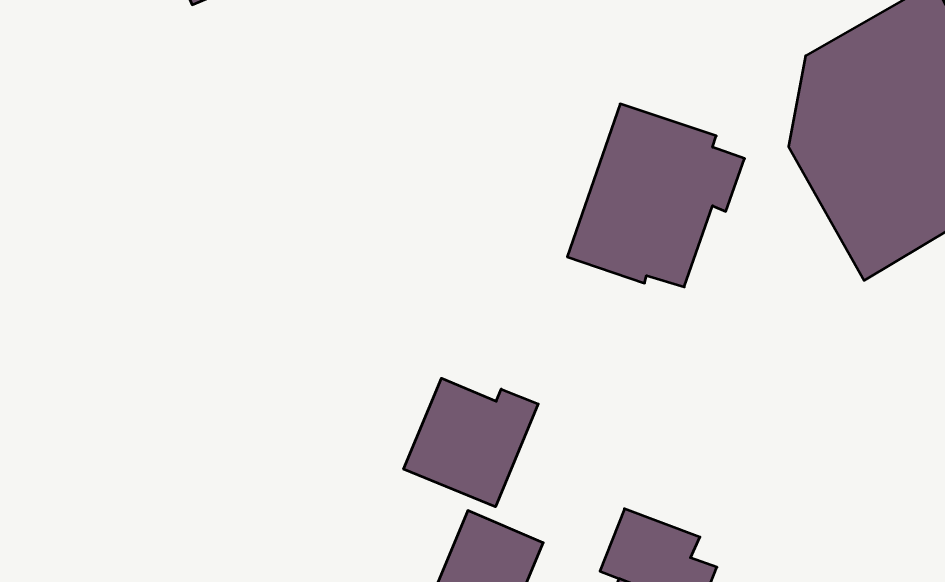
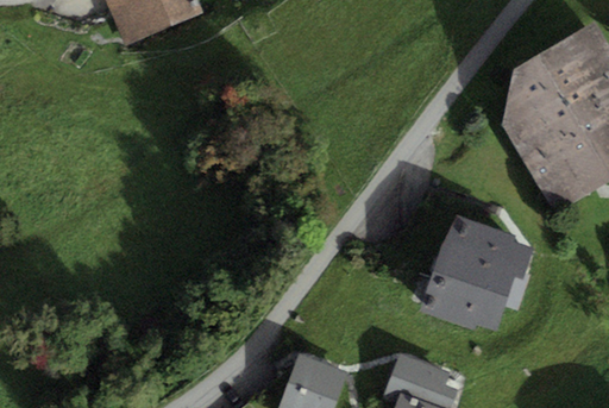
building: [567,104,745,287] -> [422,214,534,329]
building: [404,378,538,507] -> none

